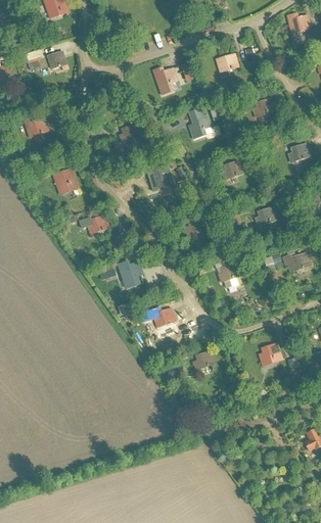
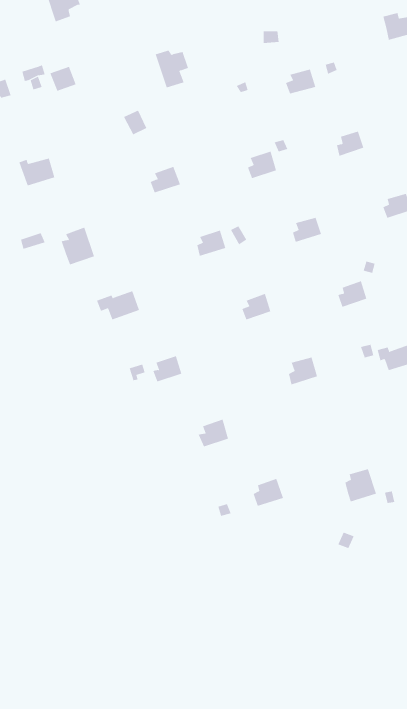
building: [153,67,178,95] -> [155,50,189,88]

